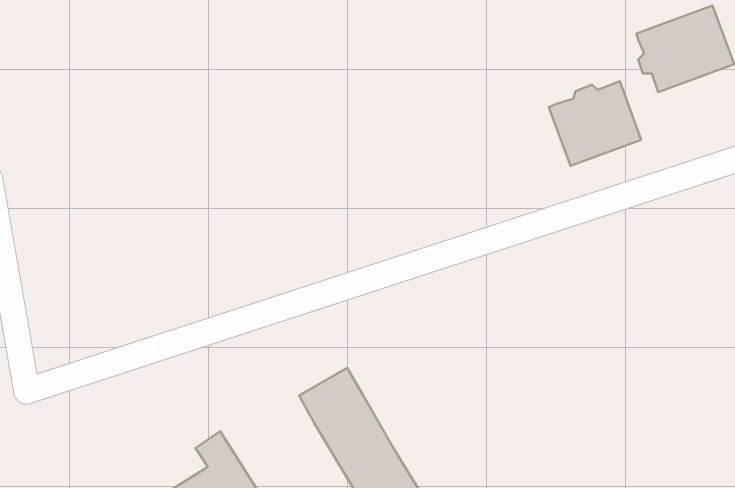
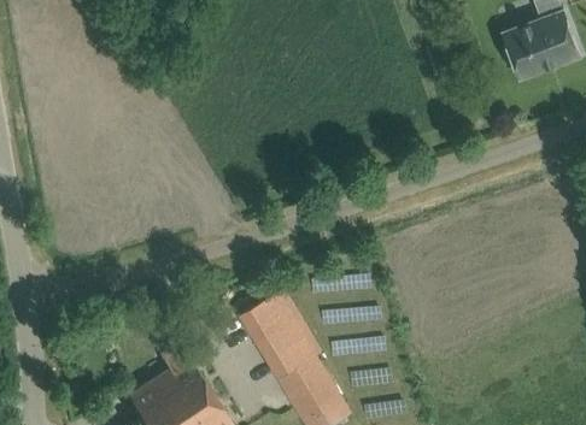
building: [549,81,641,166] -> none

